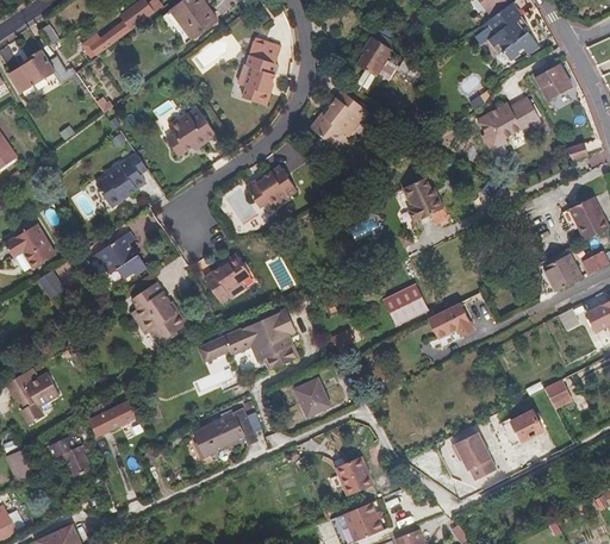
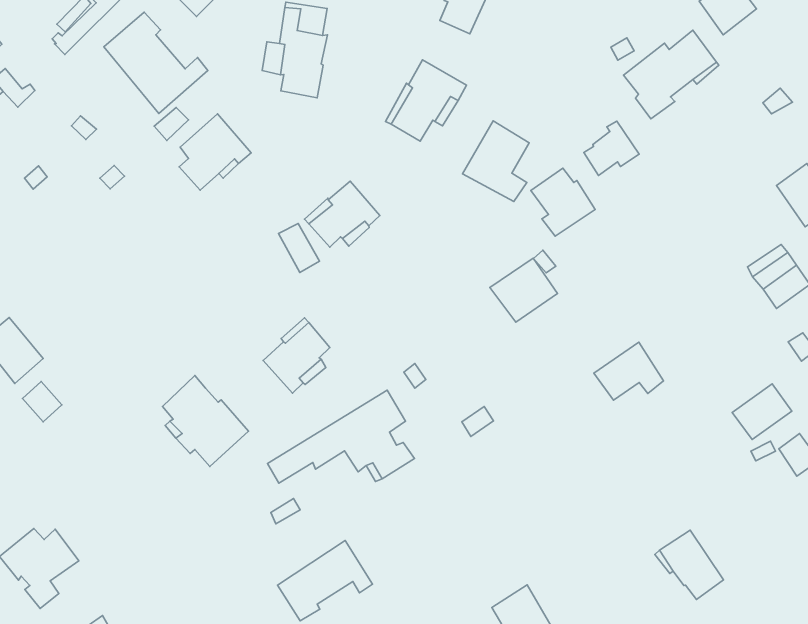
building: none -> [104,12,208,113]
building: none -> [462,121,529,201]
building: none -> [584,121,639,175]
building: [95,152,148,207] -> none
building: [94,231,147,279] -> none
building: [381,284,427,326] -> [490,258,558,322]
building: [294,379,330,415] -> none
building: [91,400,136,434] -> none
building: [502,409,542,445] -> [732,384,792,440]

